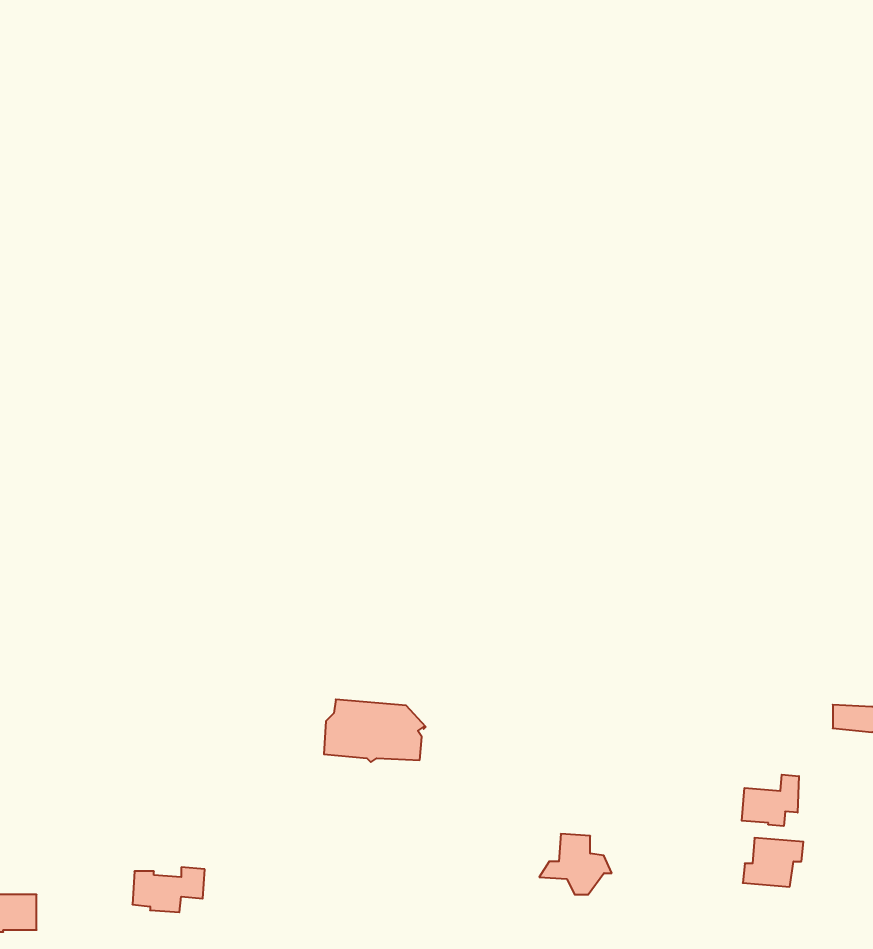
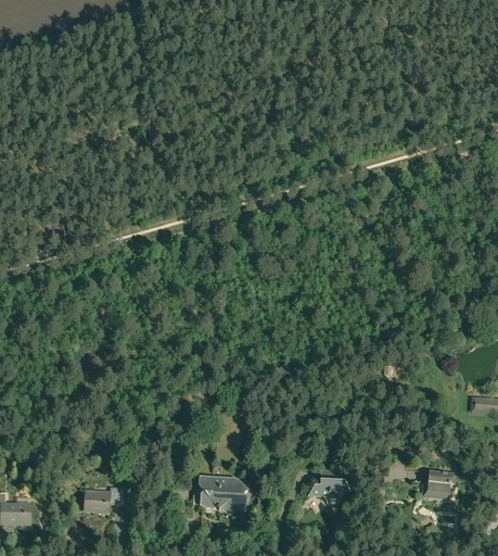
building: [324,699,426,762] -> [193,476,250,510]
building: [742,775,799,826] -> none

